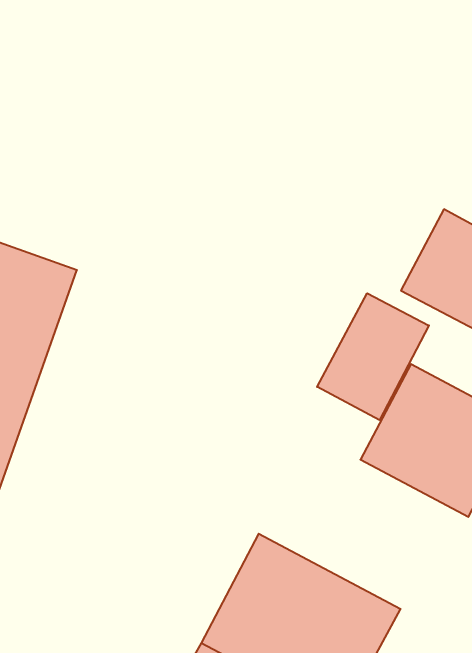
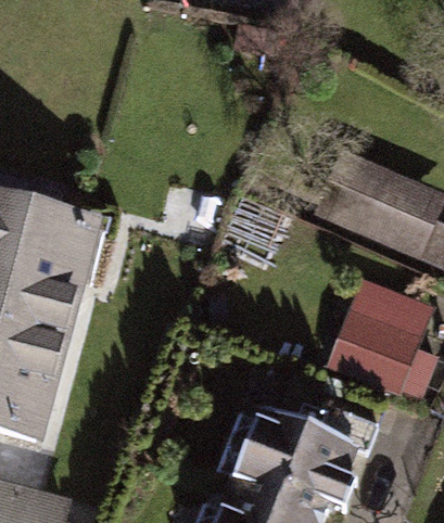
building: [317,293,429,420] -> none

